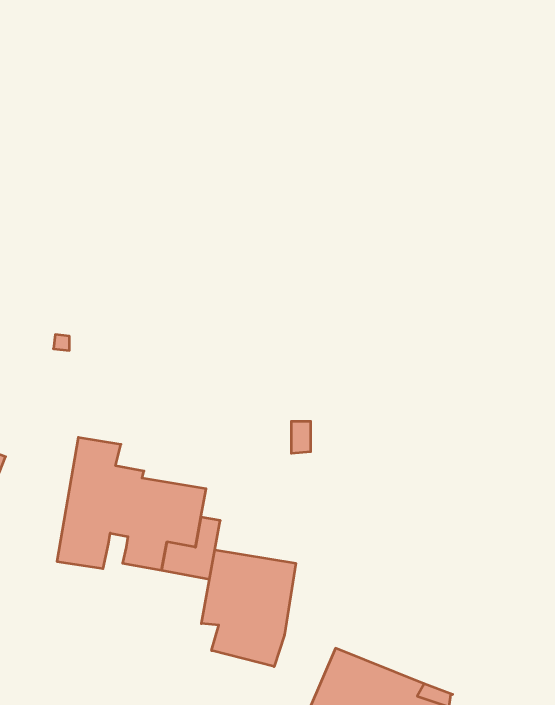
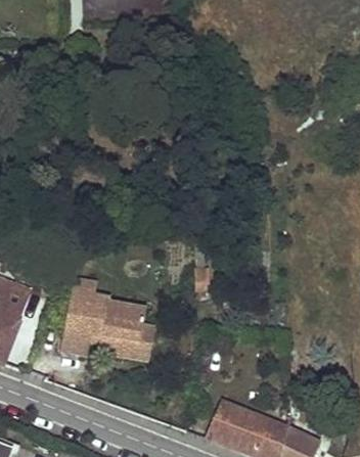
building: [201,550,296,667] -> none

